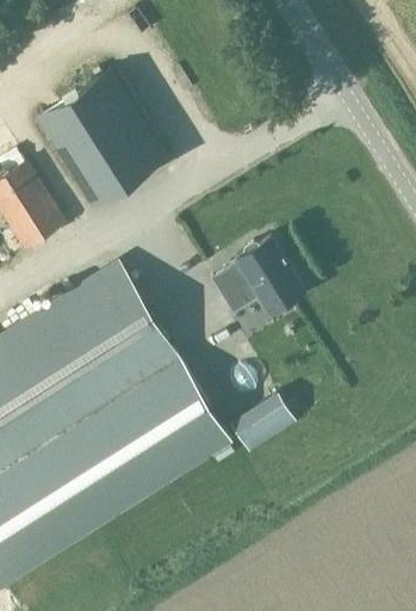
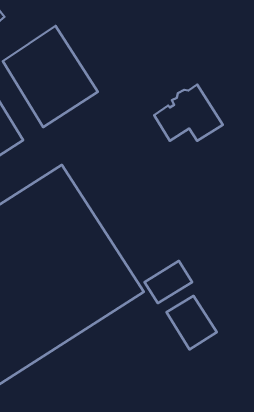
building: [212,240,305,316] -> [154,84,223,141]
building: none -> [167,296,217,350]

